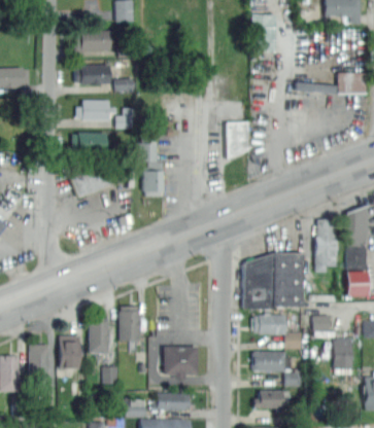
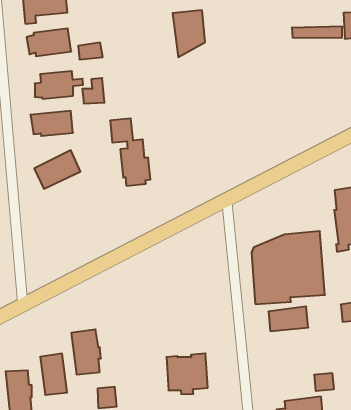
building: [226,121,250,158] -> [173,10,205,57]
building: [118,307,138,340] -> none
building: [251,351,291,370] -> none

